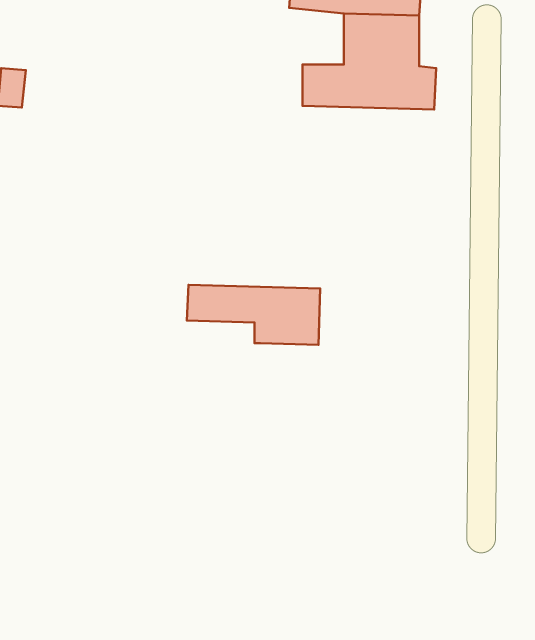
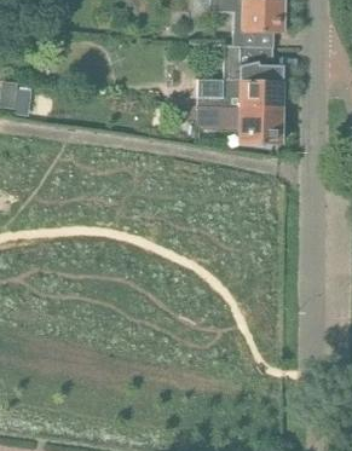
building: [187,285,320,345] -> [197,105,283,144]

